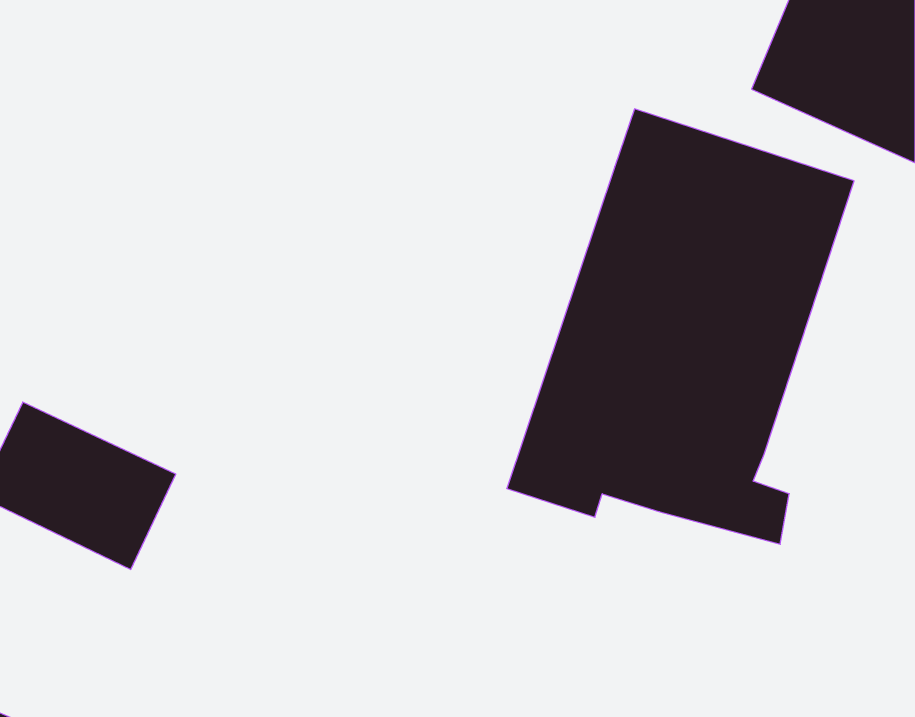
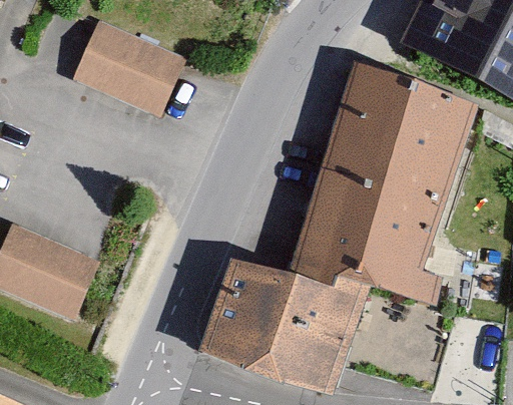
building: none -> [71,25,184,120]
building: none -> [201,258,368,392]

